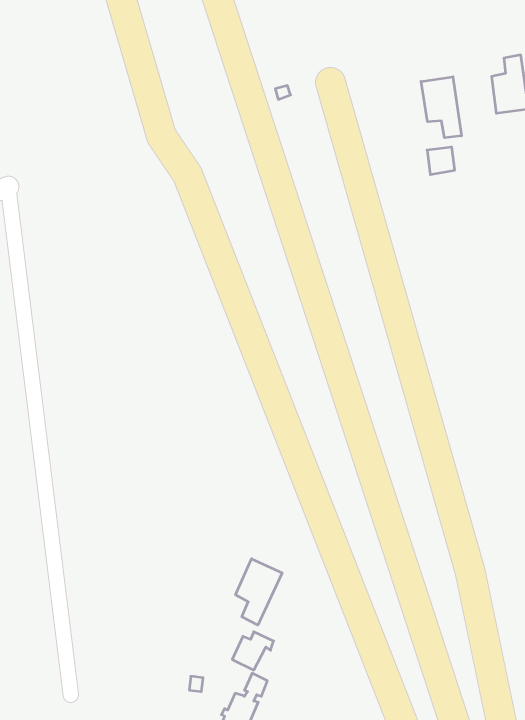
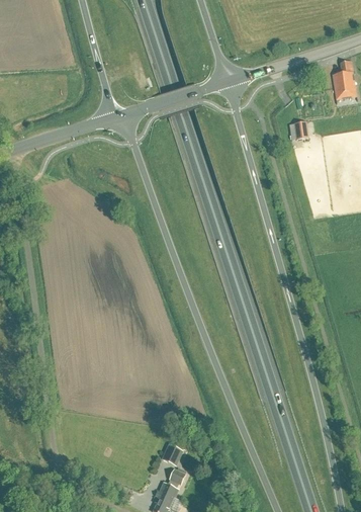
building: [421,77,461,138] -> none
building: [236,559,282,625] -> none

